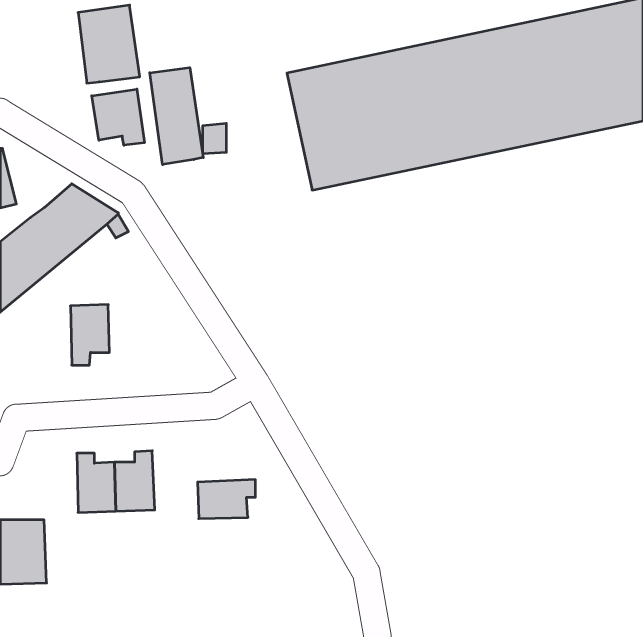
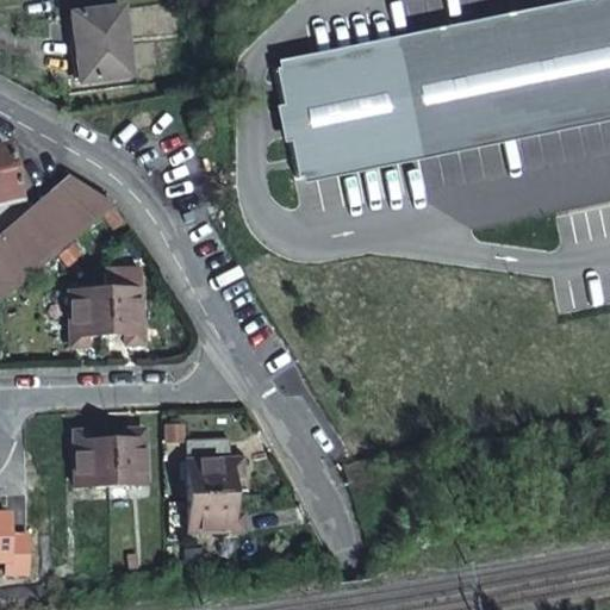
building: [150,68,203,165] -> none
building: [92,89,144,145] -> none
building: none -> [102,267,141,344]
building: none -> [188,490,245,527]

